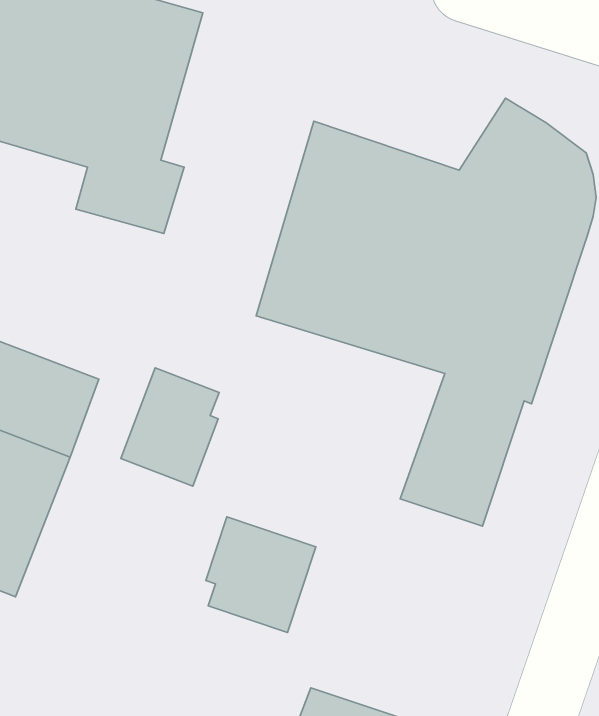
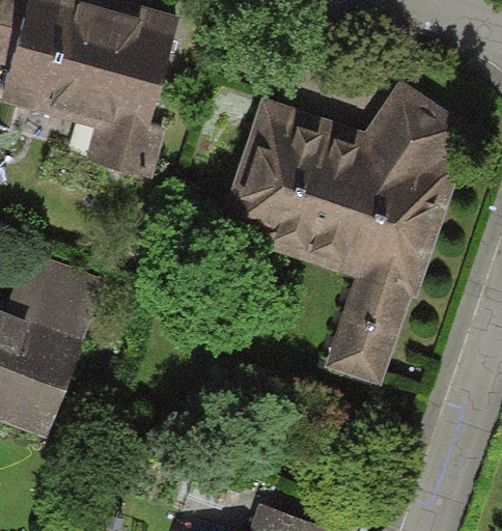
building: [121,368,219,486] -> none
building: [206,517,316,632] -> none

